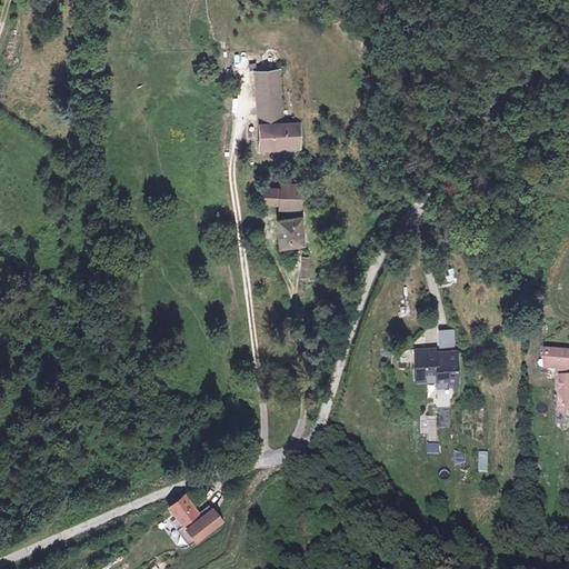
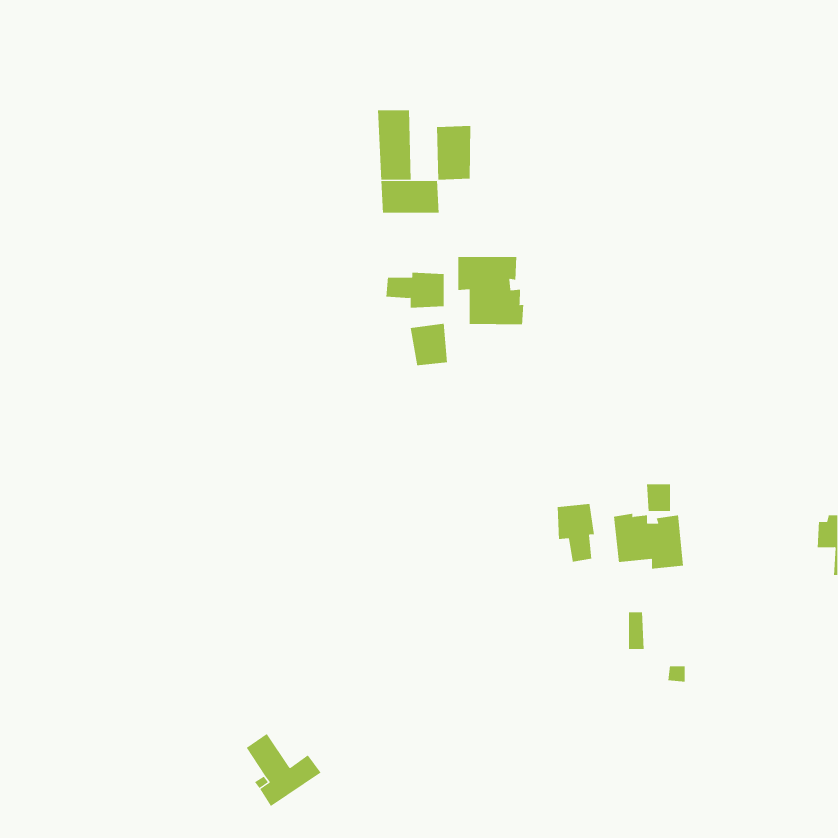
building: none -> [437,125,471,180]
building: none -> [458,256,524,325]
building: none -> [557,503,595,563]

